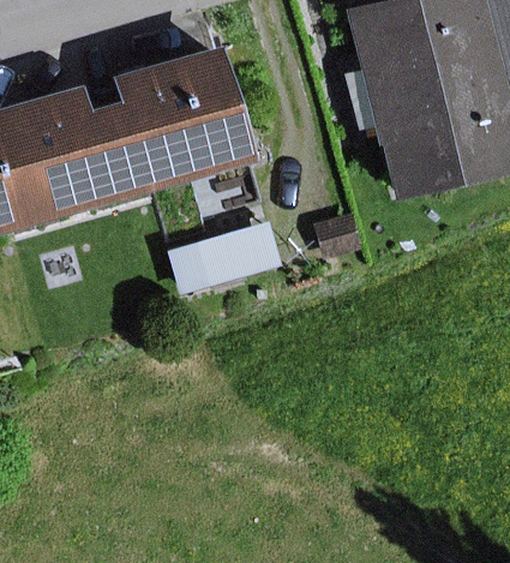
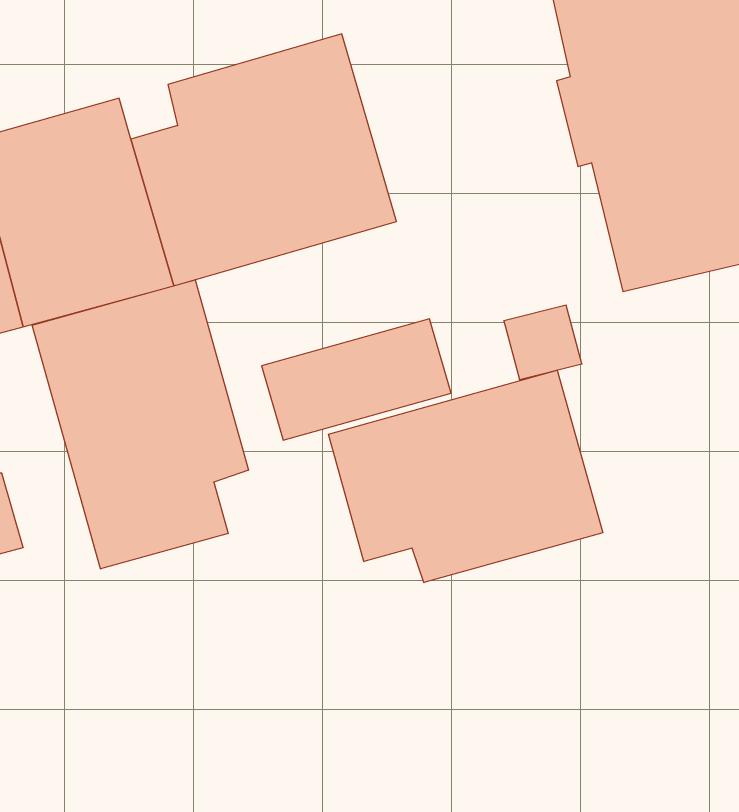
building: none -> [32,280,248,569]
building: none -> [329,370,603,583]

